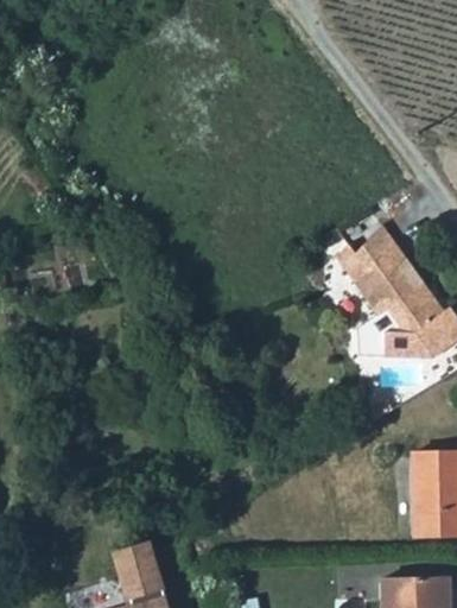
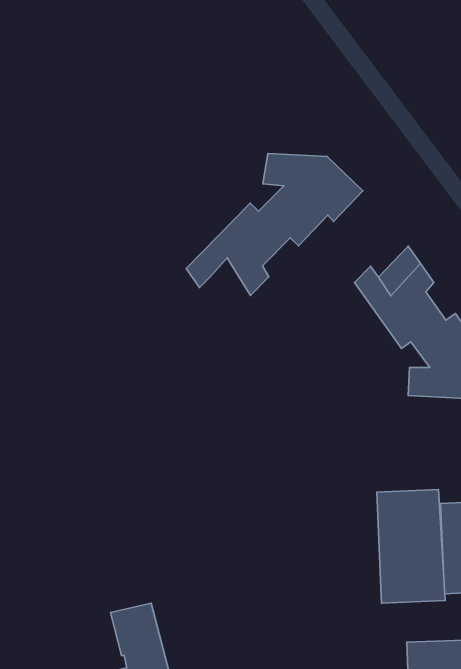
building: none -> [186,153,363,295]
building: none -> [377,490,445,603]

